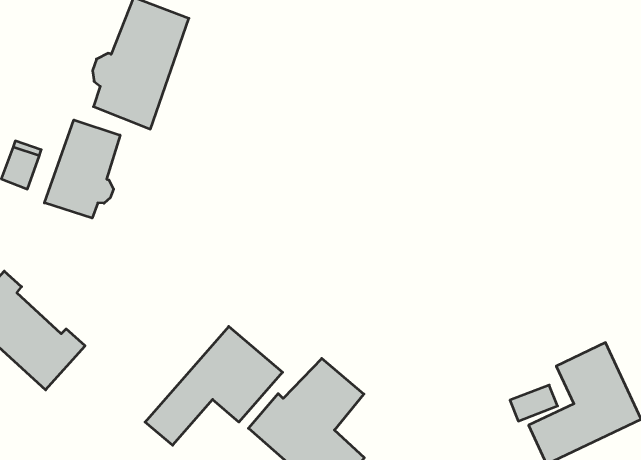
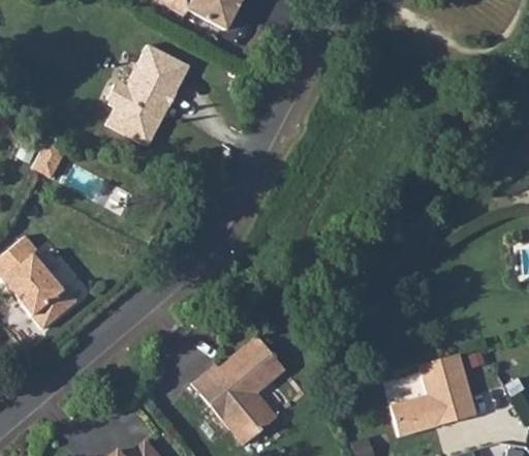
building: [44,120,120,218] -> none
building: [145,326,283,445] -> none

